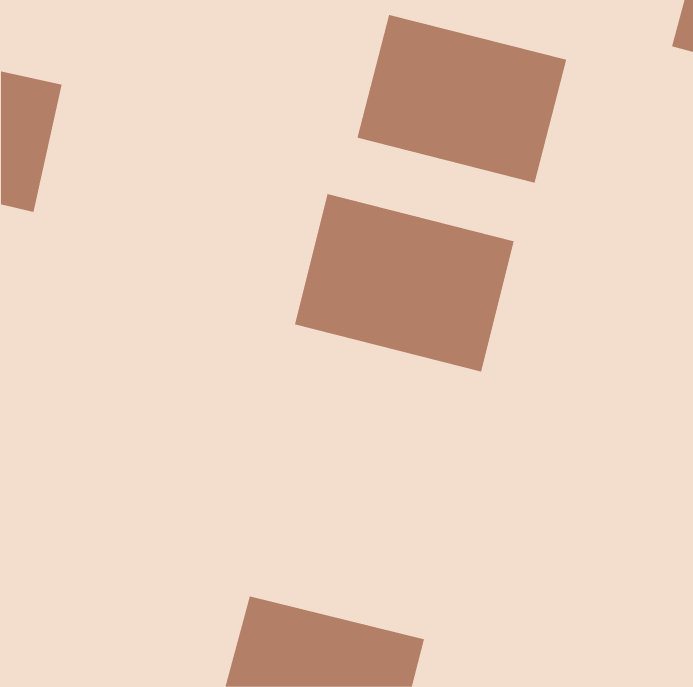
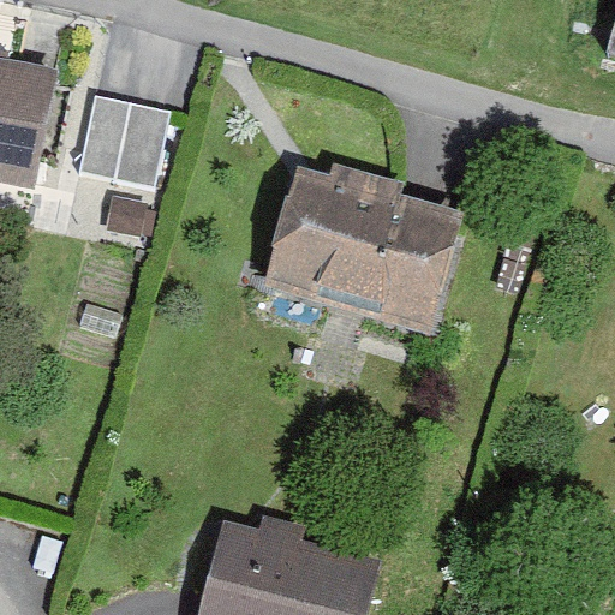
building: [357,14,567,183] -> none
building: none -> [83,86,177,178]

